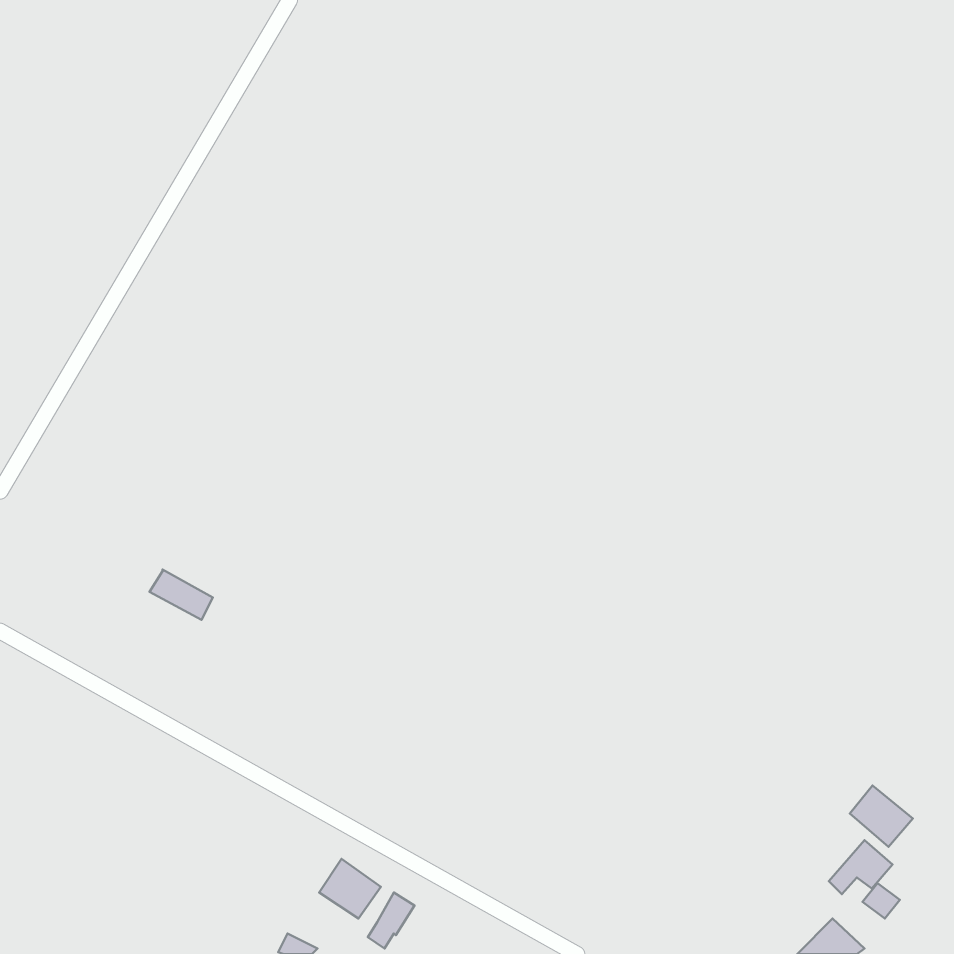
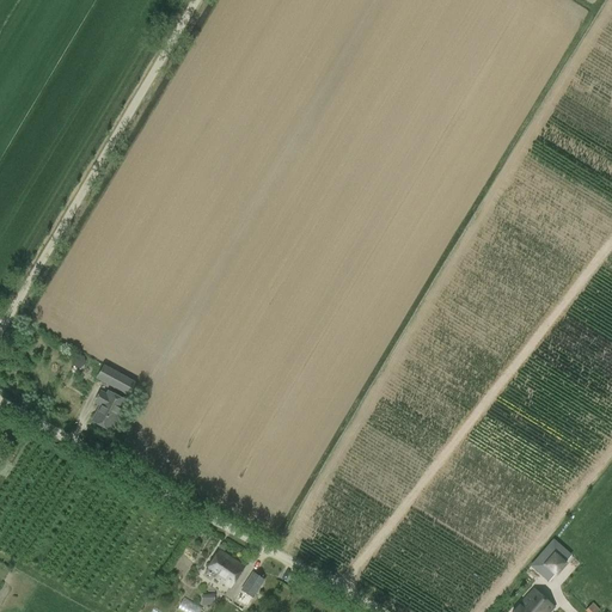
building: none -> [92,391,126,430]
building: [850,785,913,847] -> none

